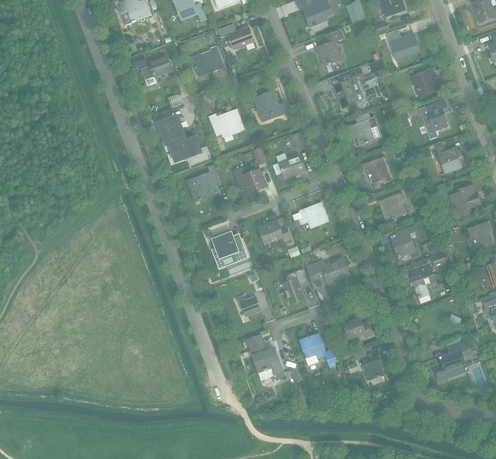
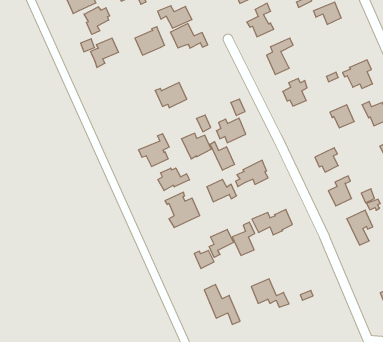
building: none -> [84,7,110,34]
building: [412,69,435,95] -> none
building: [253,90,293,117] -> [170,24,208,48]
building: [157,116,200,159] -> none
building: [363,157,389,182] -> [330,105,354,128]
building: none -> [210,142,234,170]
building: none -> [158,168,190,191]
building: none -> [209,229,234,257]
building: [342,317,372,338] -> none
building: [360,353,384,379] -> none

